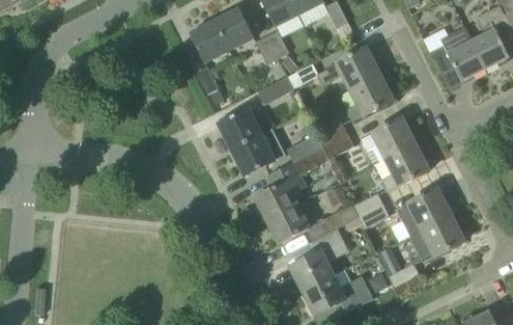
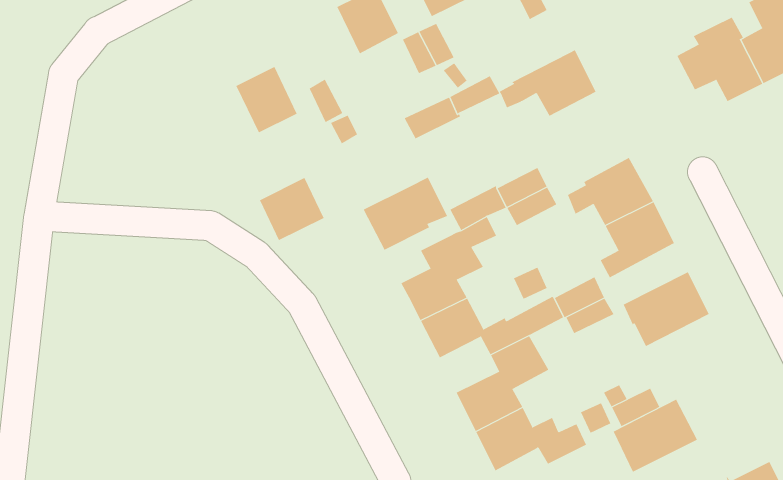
building: [190,20,229,62] -> [235,66,298,133]
building: [346,74,393,120] -> none
building: [219,108,260,148] -> [259,177,324,241]
building: [410,215,464,262] -> [613,399,698,472]

